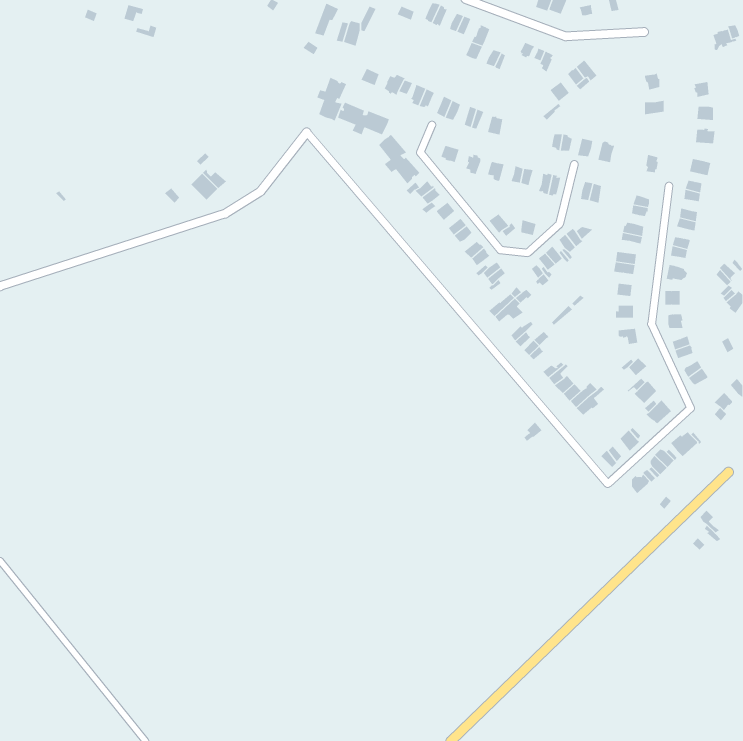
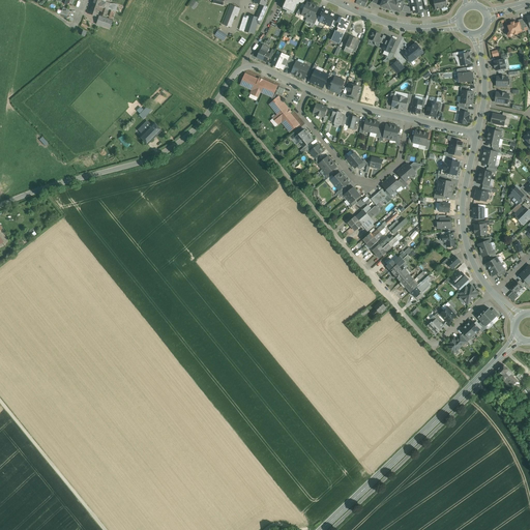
building: [317,77,347,121] -> none

